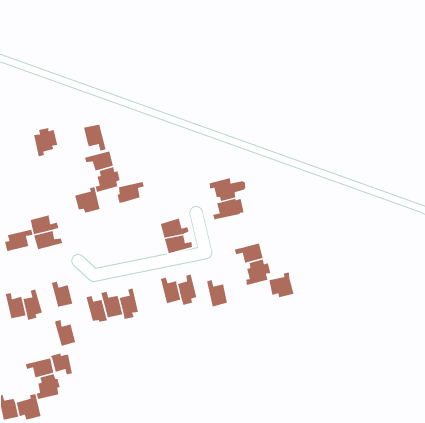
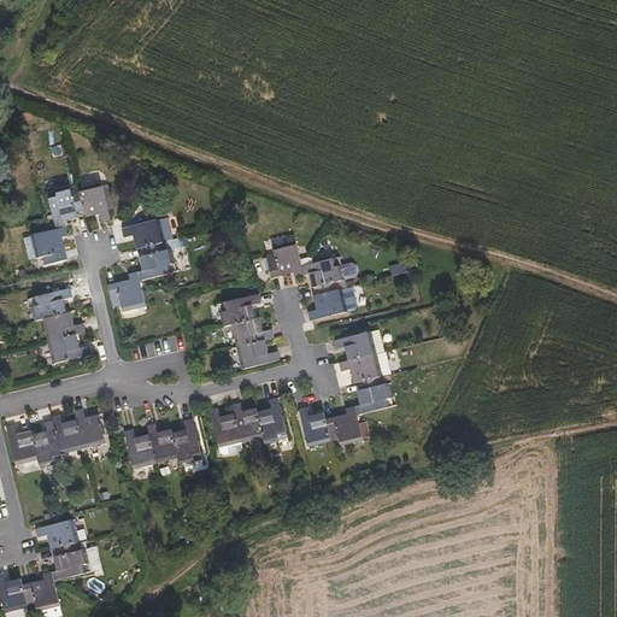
building: [83,124,106,151] -> [78,182,112,222]
building: none -> [24,225,67,265]
building: none -> [265,241,304,277]
building: [116,181,145,204] -> [221,293,262,325]
building: none -> [334,330,376,359]
building: [4,229,33,252] -> [31,287,74,321]
building: [269,272,294,298] -> [325,405,363,443]
building: none -> [208,406,242,454]
building: [55,319,76,347] -> [52,412,83,452]
building: [50,353,73,375] -> none

